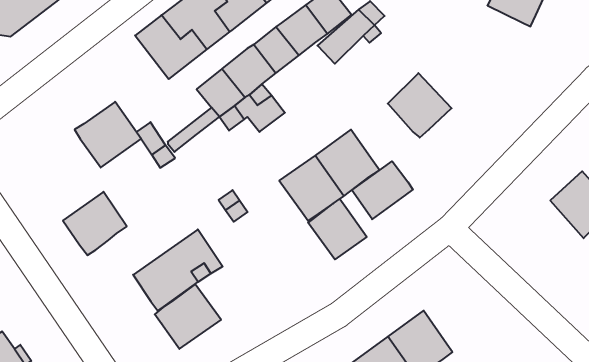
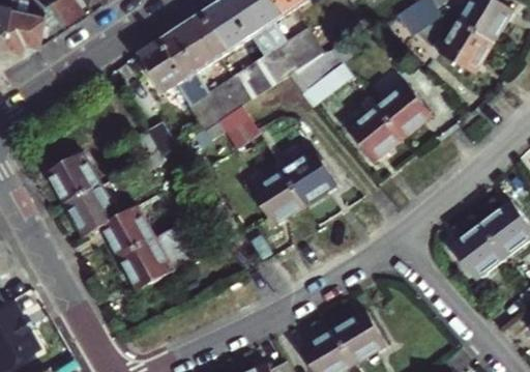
building: none -> [376,83,430,138]
building: [75,102,141,168] -> [45,152,100,207]
building: [352,161,413,219] -> none
building: [308,199,367,259] -> none
building: none -> [450,223,505,280]
building: [155,284,221,349] -> [101,204,157,258]

